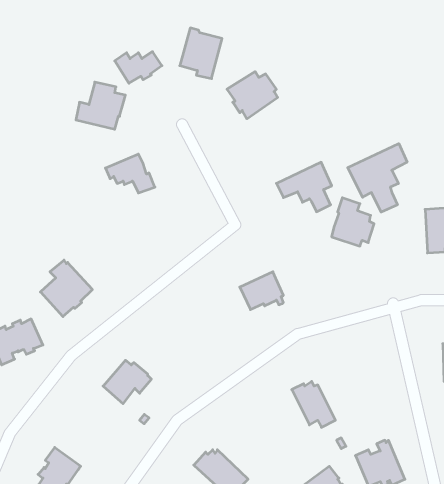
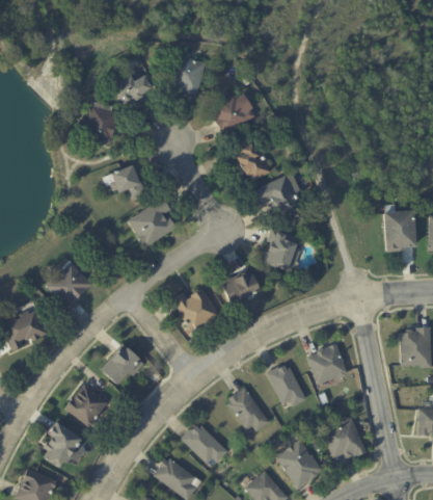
building: none -> [234,136,270,181]
building: [348,144,407,212] -> none
building: none -> [129,198,175,246]
building: [332,198,374,246] -> [263,228,300,270]
building: none -> [172,287,219,327]
building: none -> [307,343,347,384]
building: none -> [65,385,108,426]
building: none -> [228,388,269,430]

